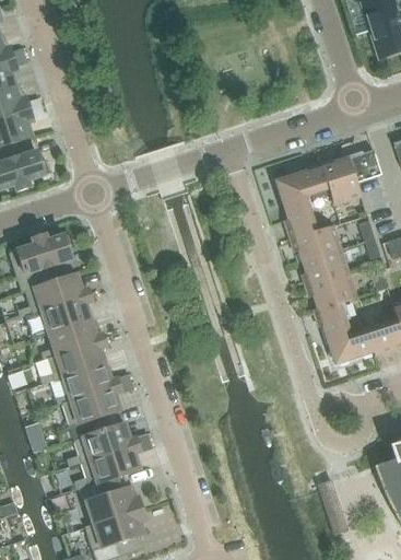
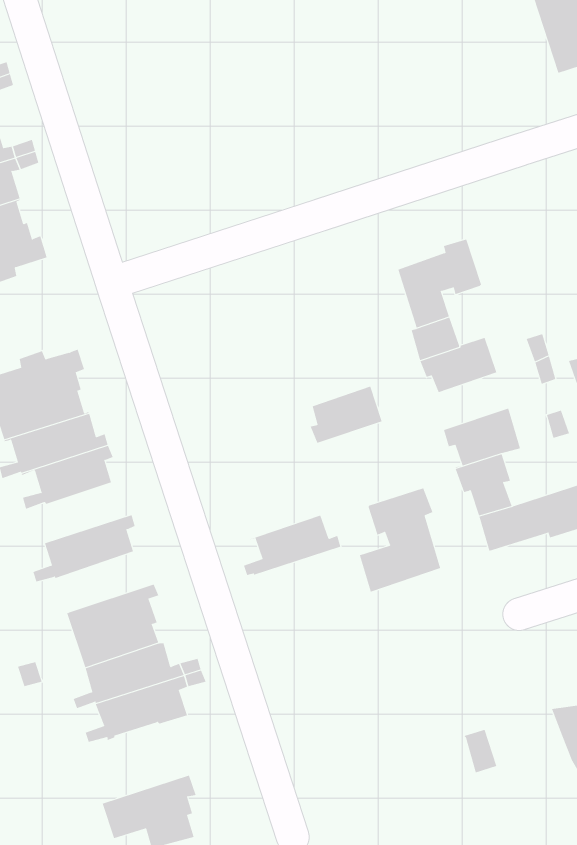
building: [321,148,381,203] -> none
building: [302,247,349,284] -> [310,386,383,443]
building: [42,318,105,358] -> none
building: none -> [359,487,441,593]
building: [55,363,119,402] -> [241,515,341,576]
building: [85,474,142,526] -> none

